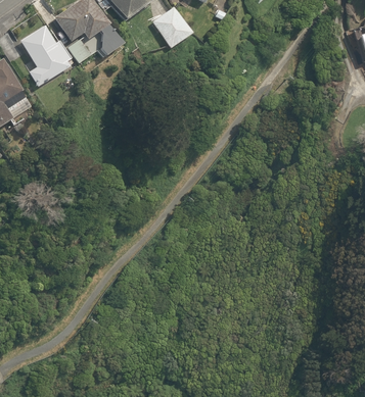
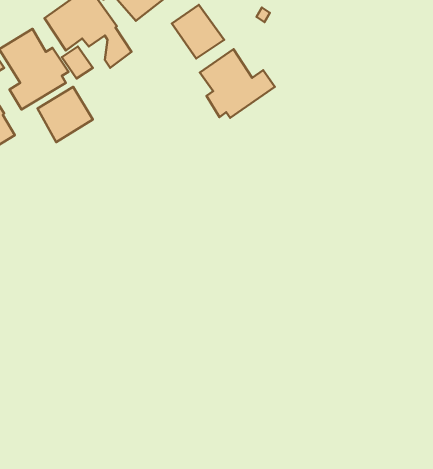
building: none -> [200,49,275,118]
building: none -> [38,87,93,142]

